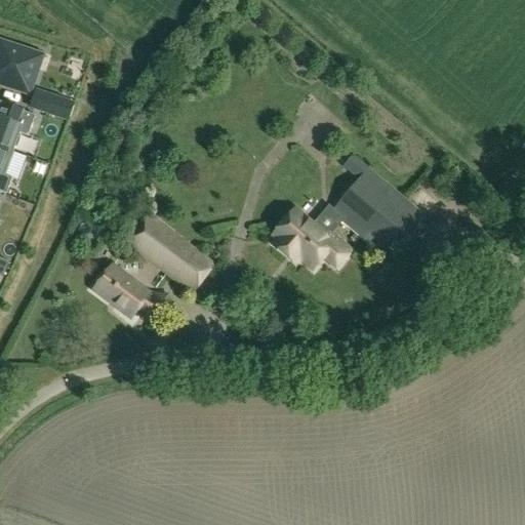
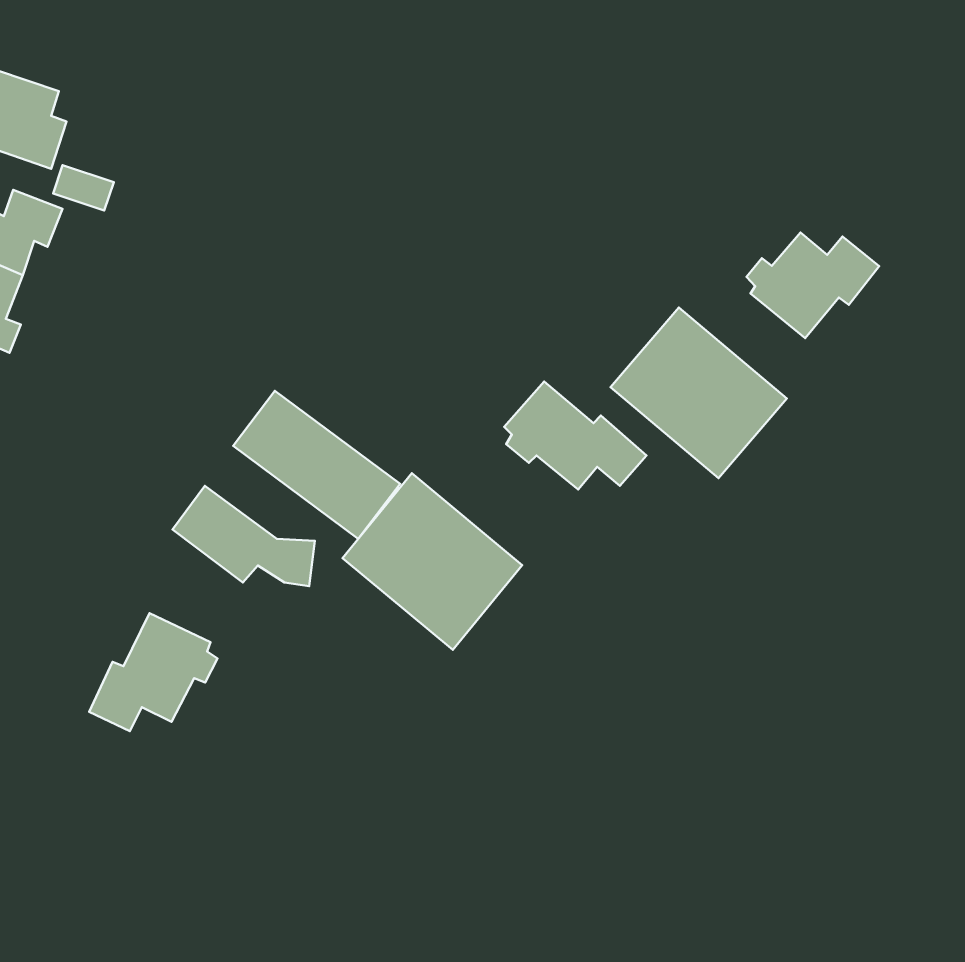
building: none -> [746,233,879,338]
building: none -> [343,473,522,650]
building: none -> [89,613,217,731]

